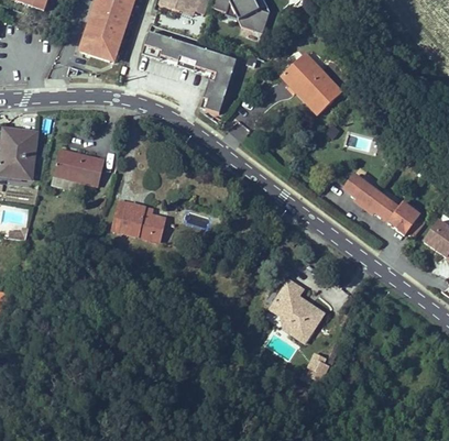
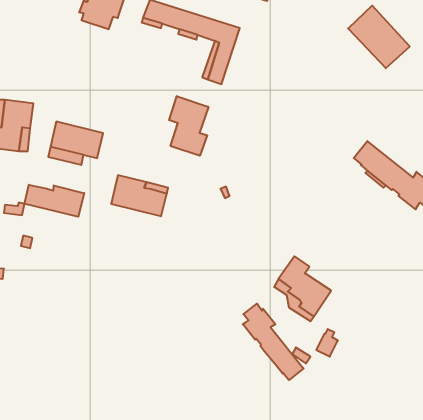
building: [281,54,340,114] -> [348,6,410,68]
building: none -> [169,96,208,156]
building: none -> [24,185,84,217]
building: none -> [243,304,304,380]

